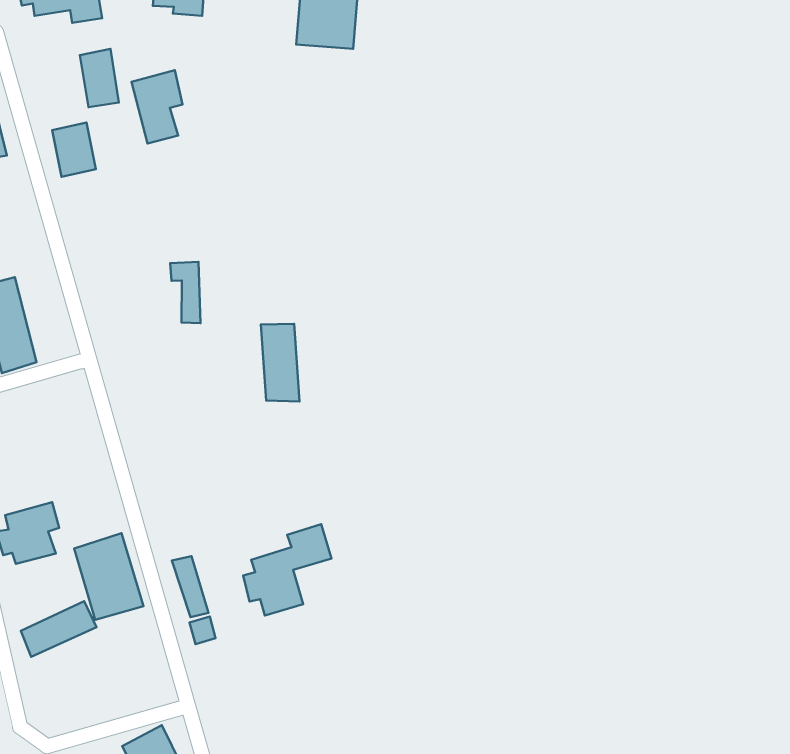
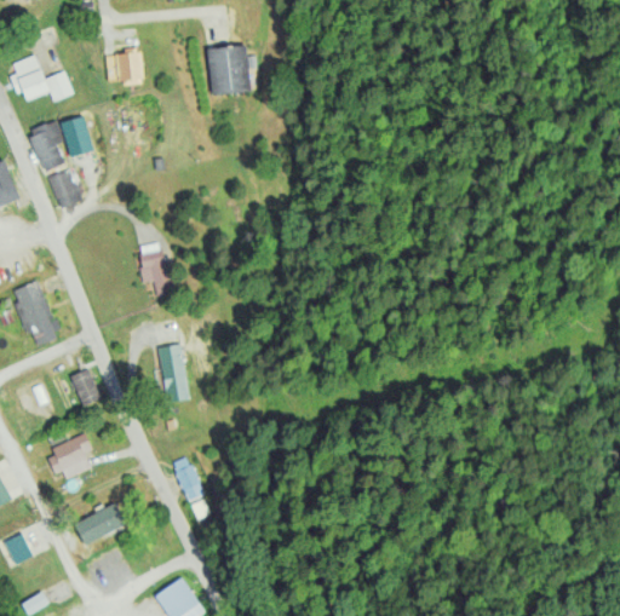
building: [131,70,183,143] -> [27,117,64,171]
building: [261,324,299,402] -> [154,346,188,402]
building: none -> [69,365,104,409]
building: [243,524,331,616] -> none
building: [74,533,143,620] -> none

